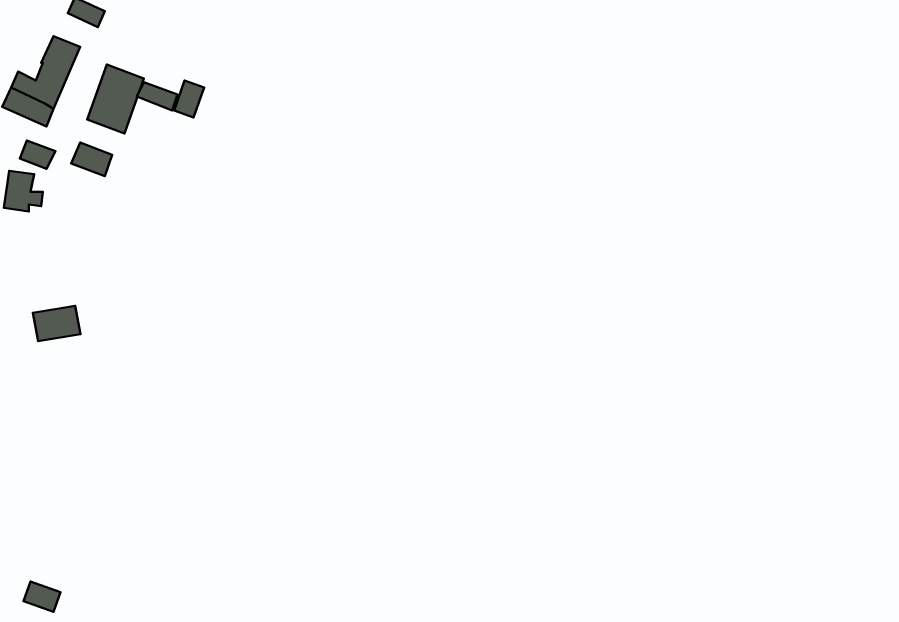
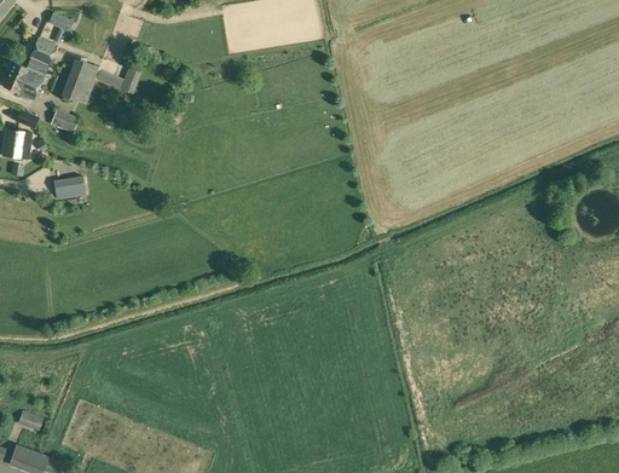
building: [33,306,81,341] -> [52,177,85,201]

